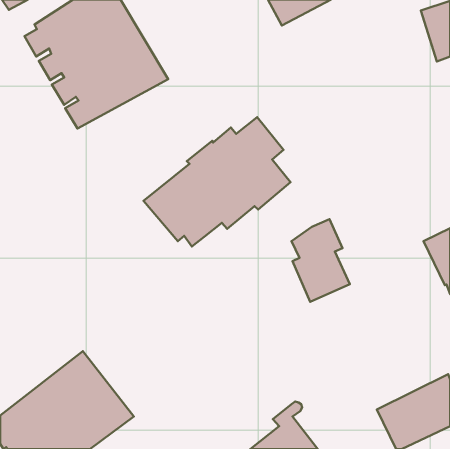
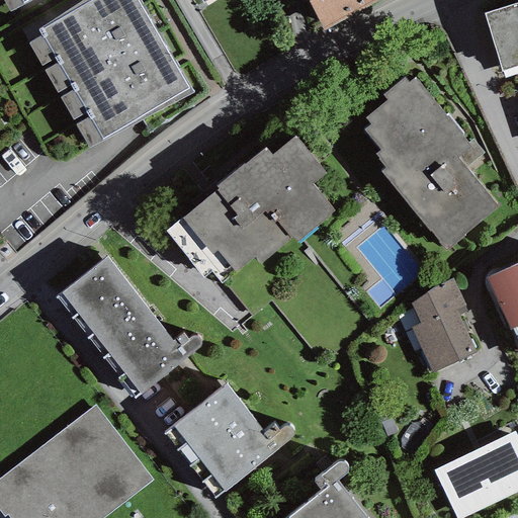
building: none -> [363,76,499,250]
building: [292,219,350,302] -> [410,277,477,372]
building: none -> [56,256,200,398]
building: none -> [164,384,294,498]

